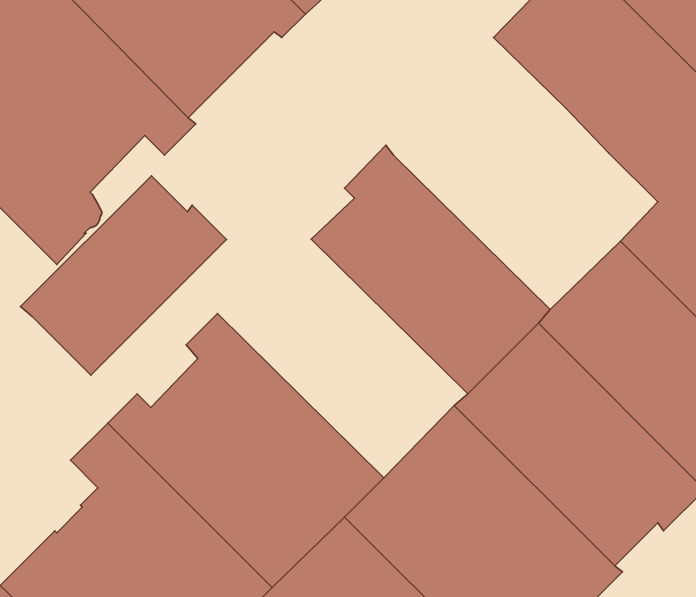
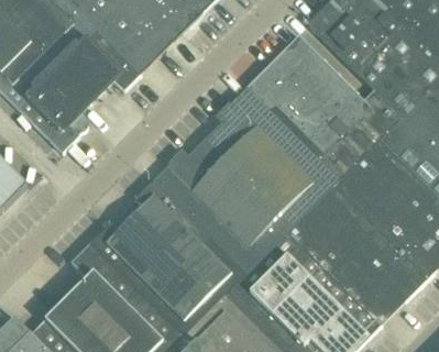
building: none -> [252,35,400,178]
building: [21,176,227,375] -> none
building: none -> [153,139,294,273]

